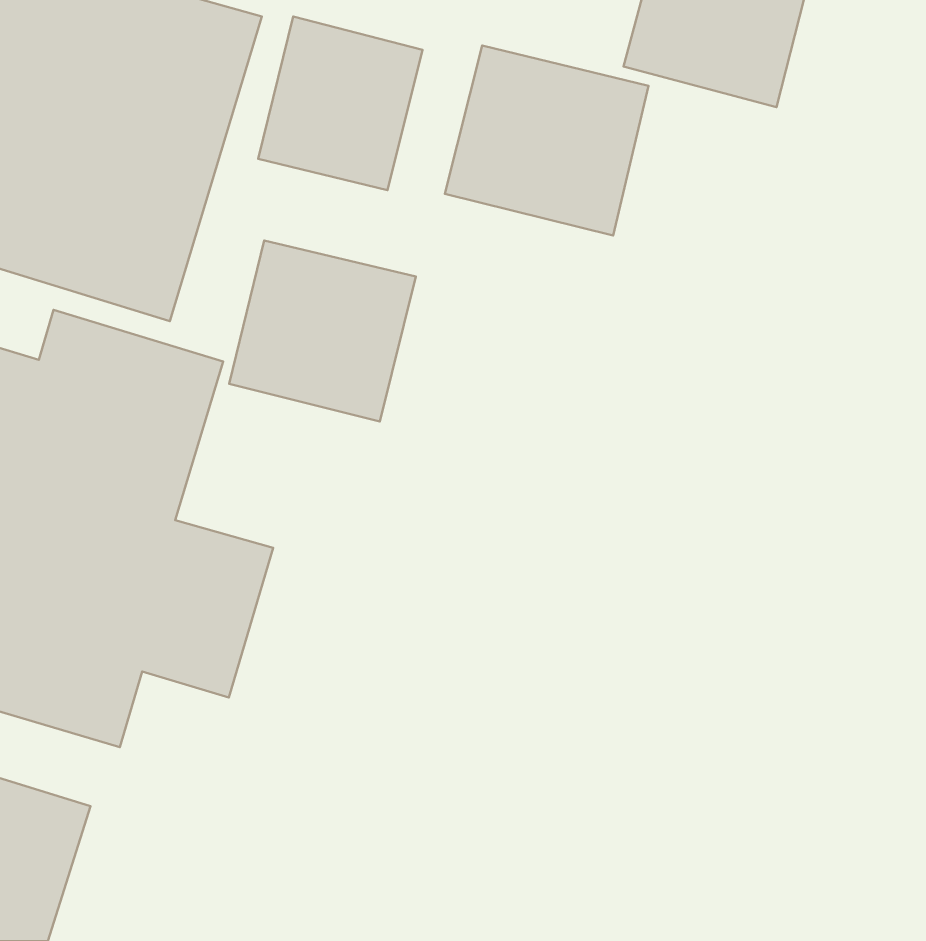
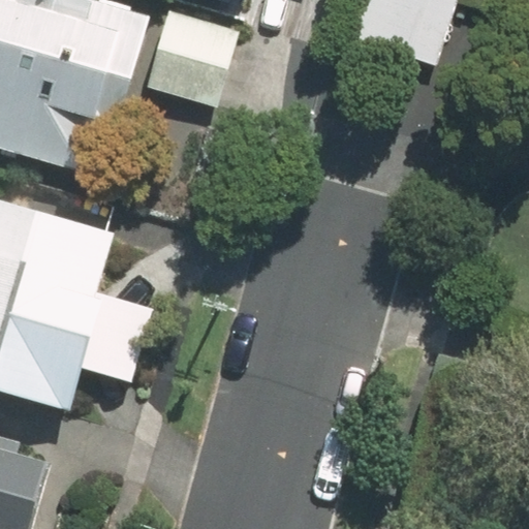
building: [445,45,649,235] -> none
building: [229,240,416,422] -> none

